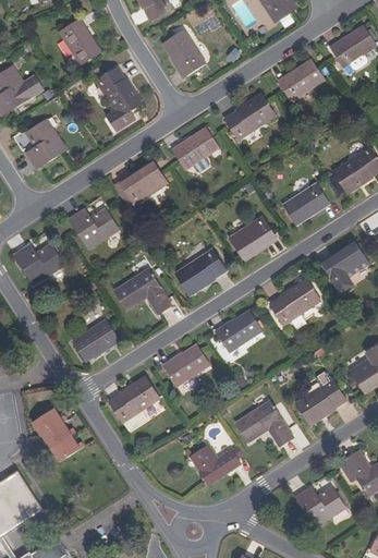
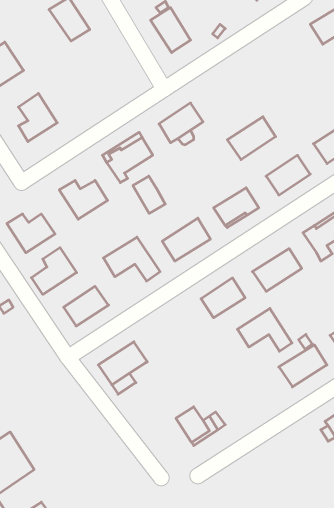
building: [277,60,324,101] -> none
building: [95,66,141,130] -> none
building: [224,95,275,140] -> [227,117,276,160]
building: none -> [133,176,165,213]
building: none -> [31,248,77,294]
building: [163,344,210,386] -> none
building: [236,401,293,446] -> [237,308,292,351]
building: [33,409,83,462] -> none
building: [294,488,344,529] -> none

